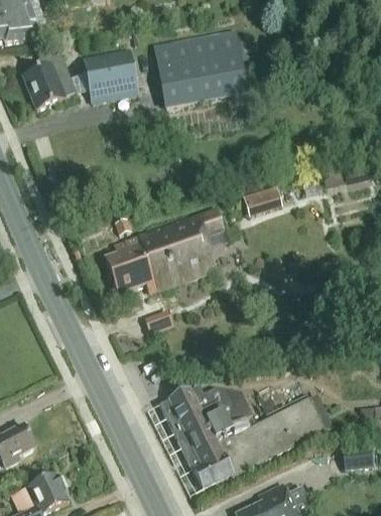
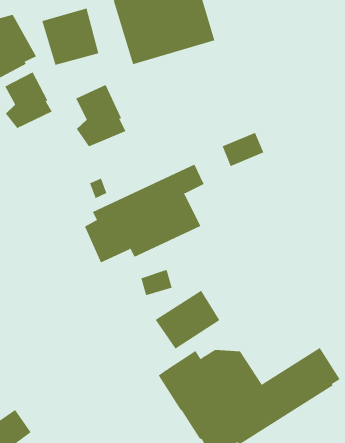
building: none -> [4,71,52,129]
building: none -> [76,84,126,147]
building: none -> [155,290,220,350]

